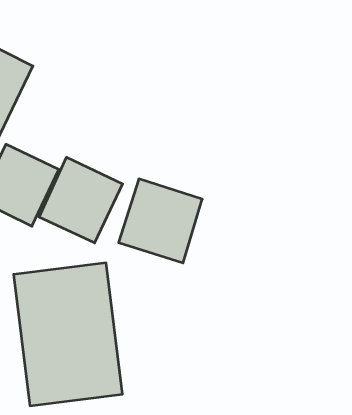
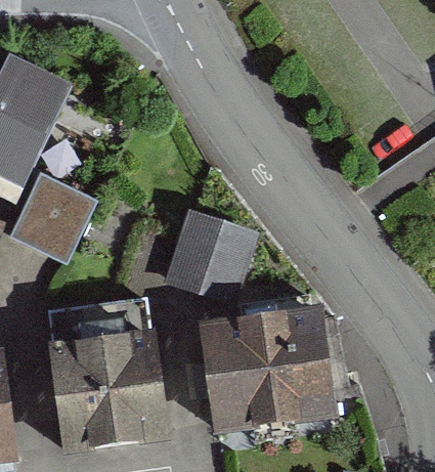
building: [39,157,123,243] -> none
building: none -> [202,315,332,432]

